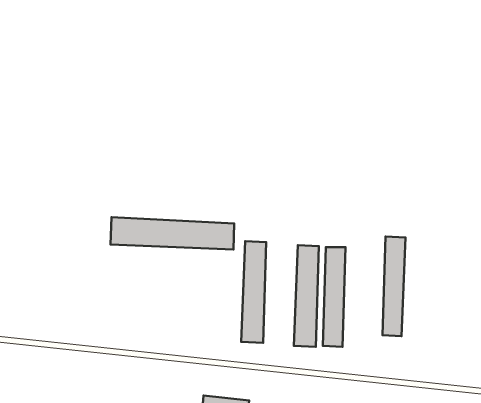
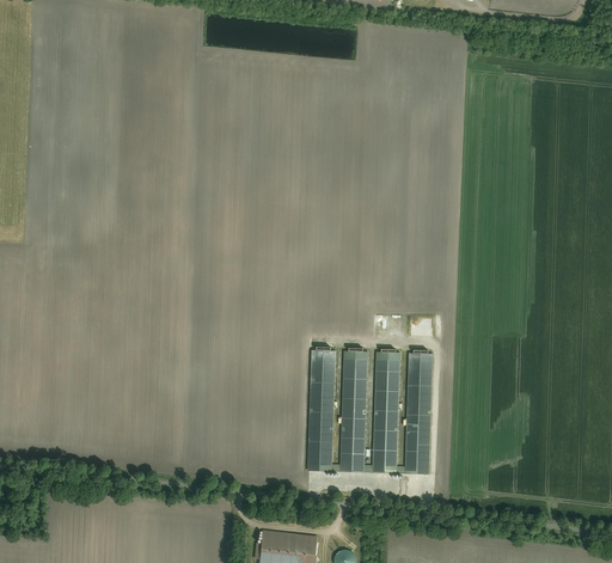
building: [111,217,234,249] -> none
building: [383,237,405,336] -> [341,348,368,467]

